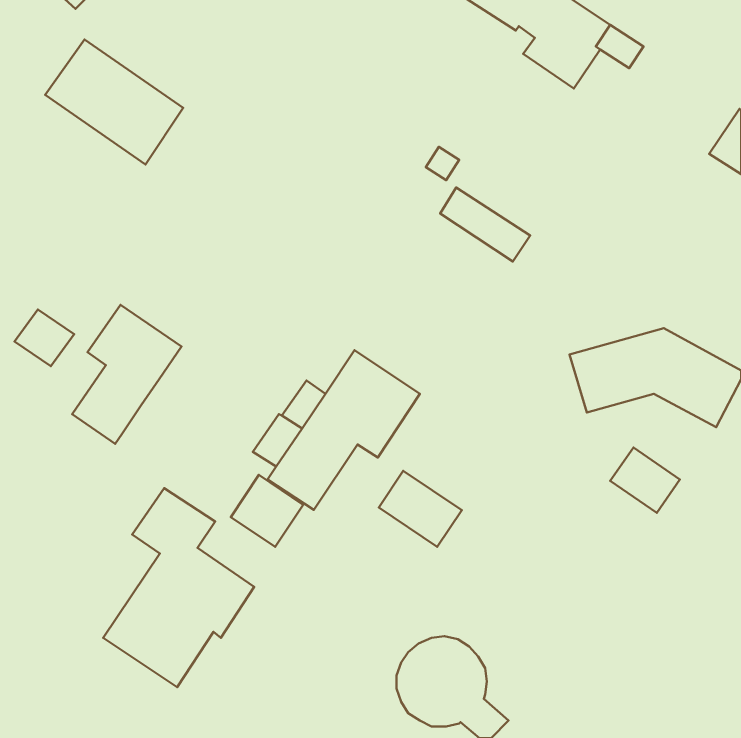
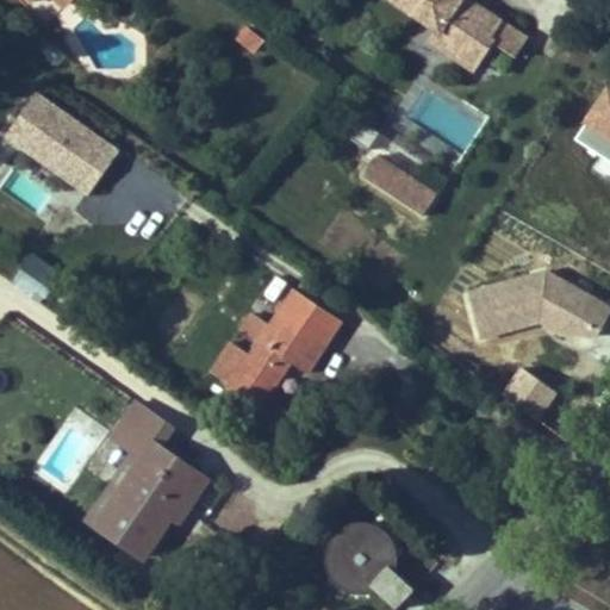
building: [45,40,183,164] -> [5,92,118,194]
building: [72,305,182,444] -> none
building: [379,471,462,547] -> none
building: [231,475,303,547] -> none

